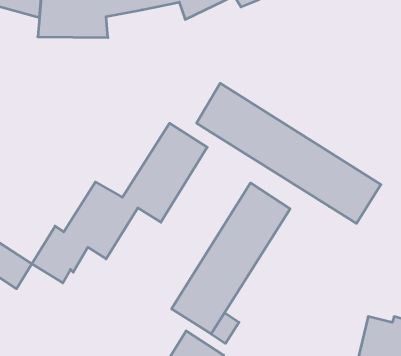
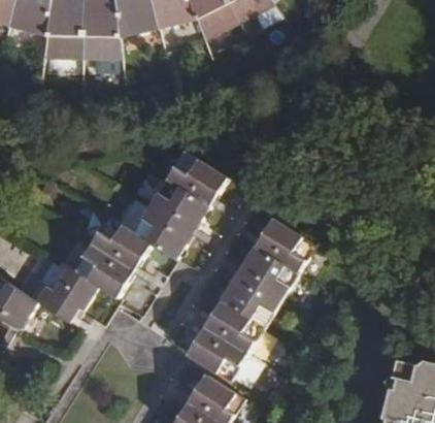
building: [197,83,381,223] -> none

